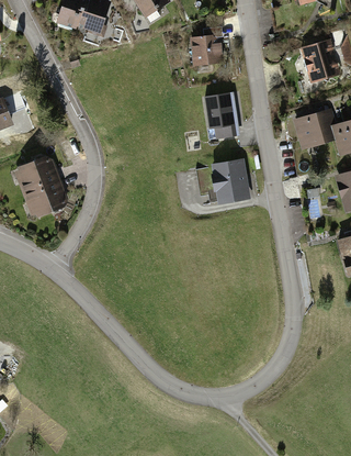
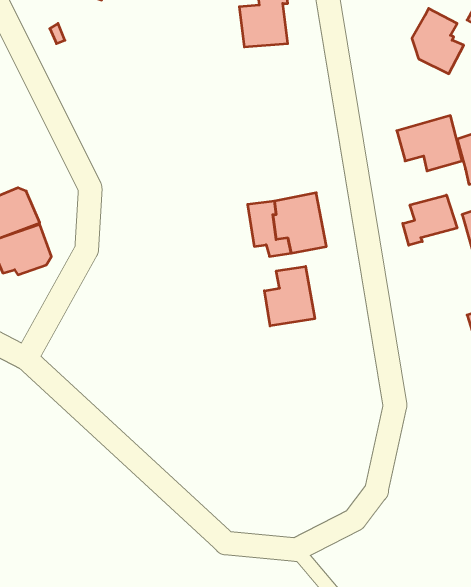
building: [205,92,239,140] -> none
building: none -> [403,195,457,245]
building: none -> [264,266,315,326]

